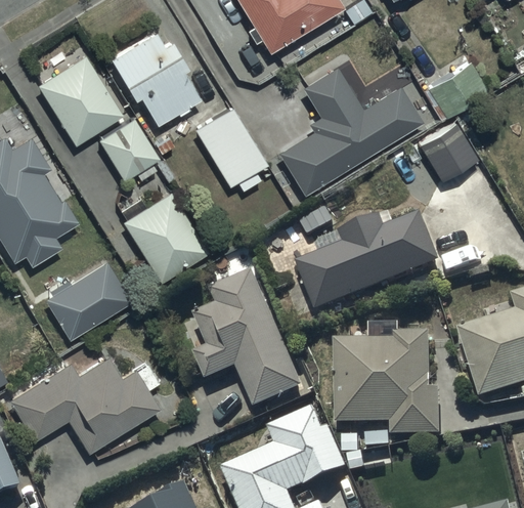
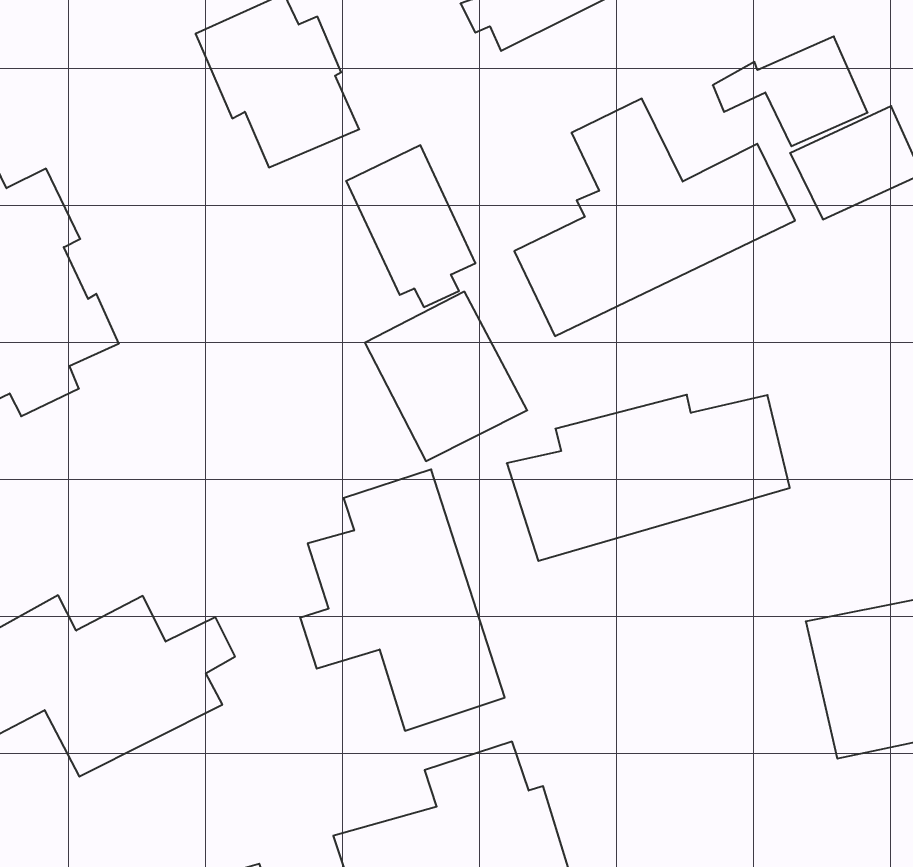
building: [32,48,120,142] -> none
building: [96,113,159,178] -> none
building: [393,119,475,178] -> [713,36,868,146]
building: [121,188,209,279] -> [365,292,527,461]
building: [48,261,136,340] -> none
building: [333,331,439,436] -> none

